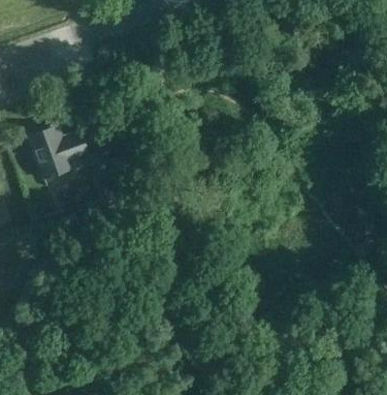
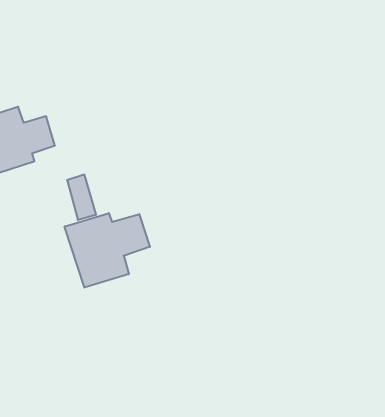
building: none -> [65,213,150,288]

